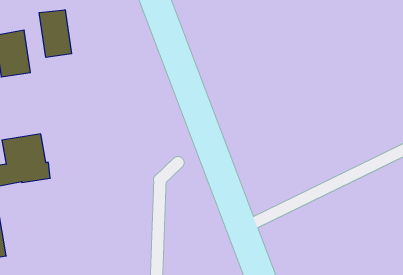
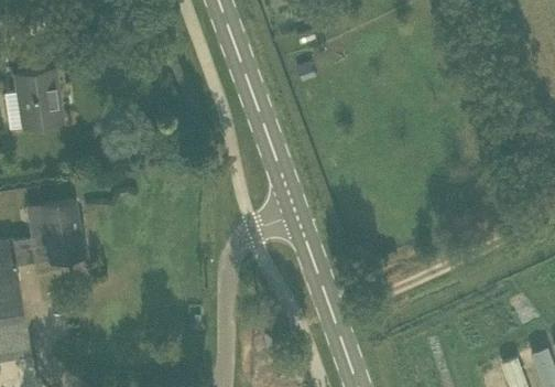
building: [39,10,71,57] -> none

